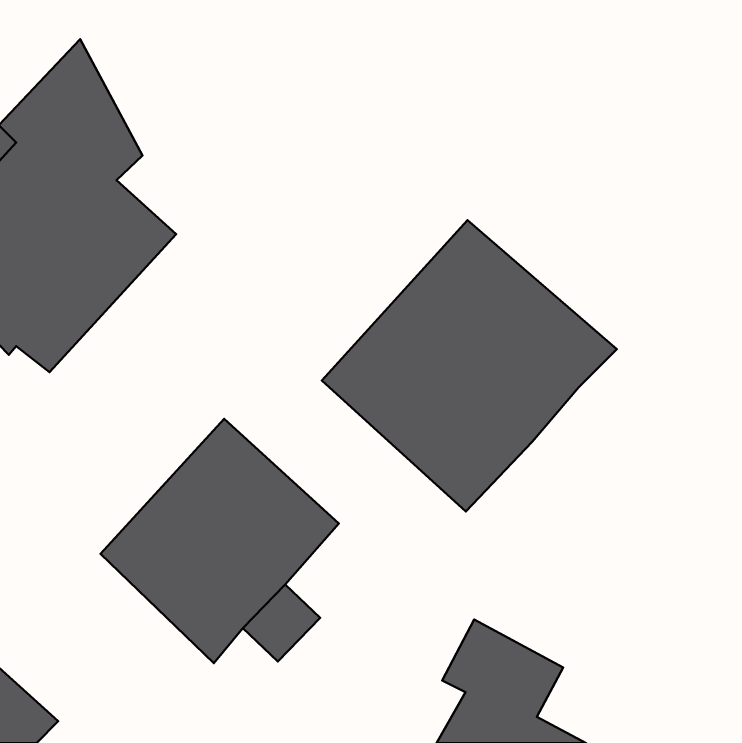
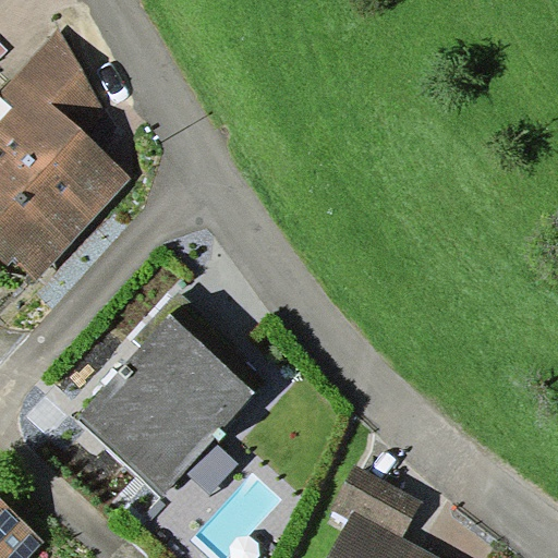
building: [322,220,617,512] -> none

